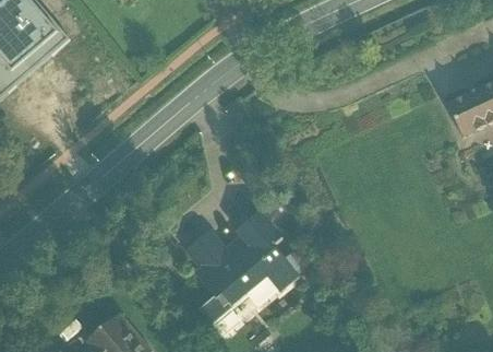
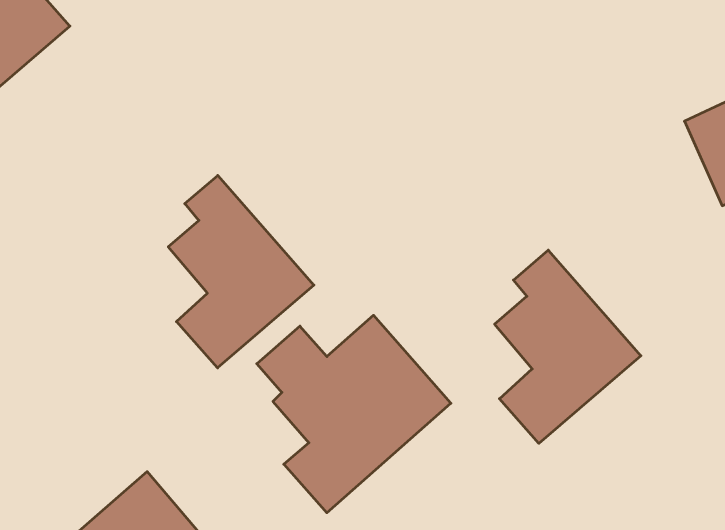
building: none -> [168,175,314,368]
building: none -> [495,250,641,443]

